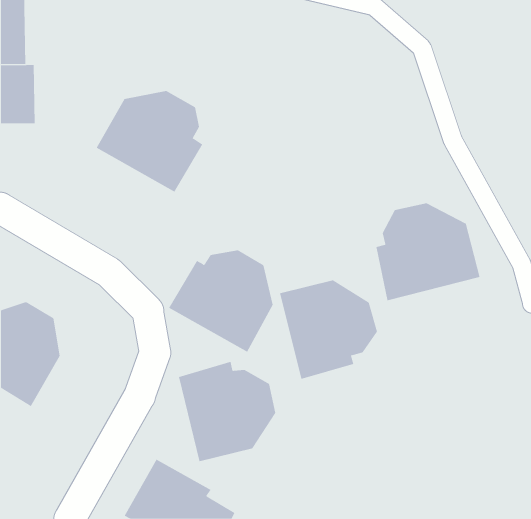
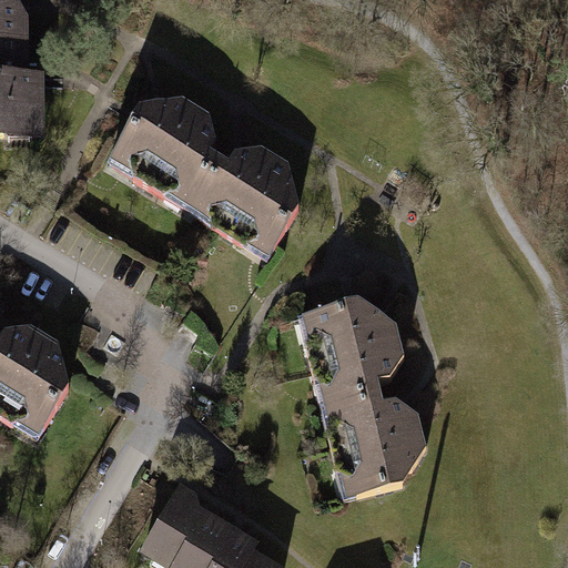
building: [376,202,480,301] -> none
building: [168,250,273,353] -> [187,143,300,253]
building: [178,361,276,462] -> [322,388,426,496]

